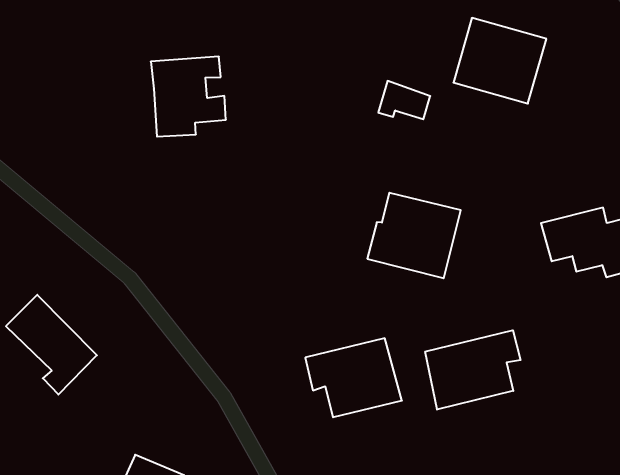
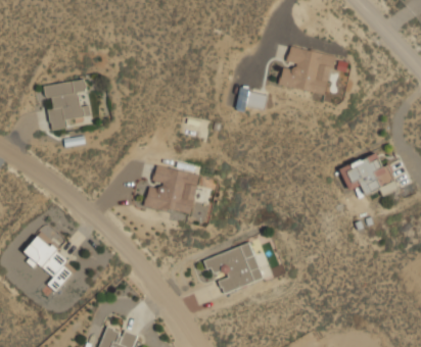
building: [151,57,226,137] -> [43,79,91,130]
building: [367,193,461,278] -> [144,165,198,214]
building: [425,330,521,410] -> none

